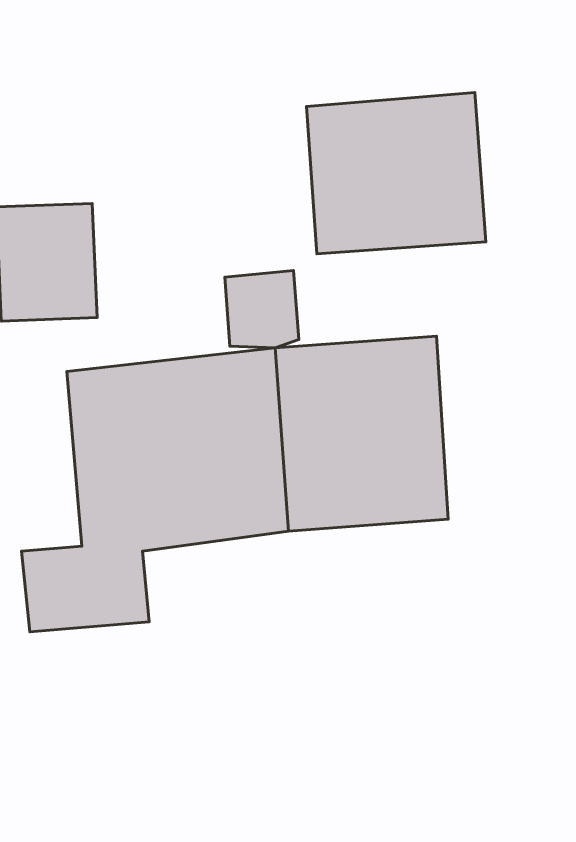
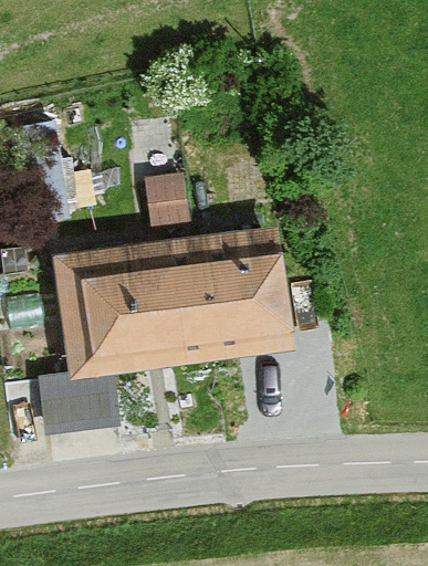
building: [306,93,486,254] -> none

